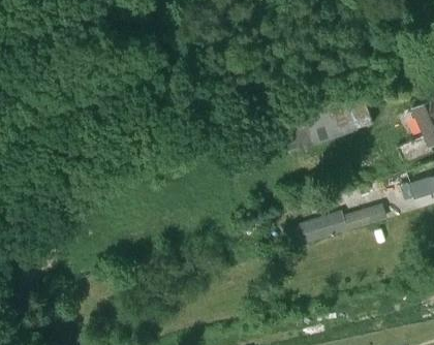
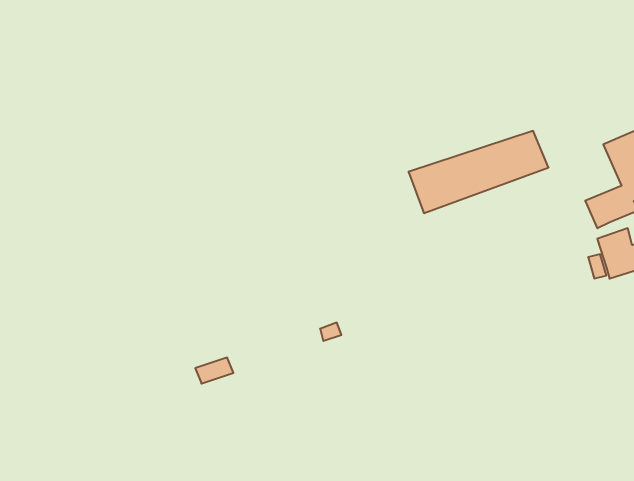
building: [284,203,388,247] -> none

